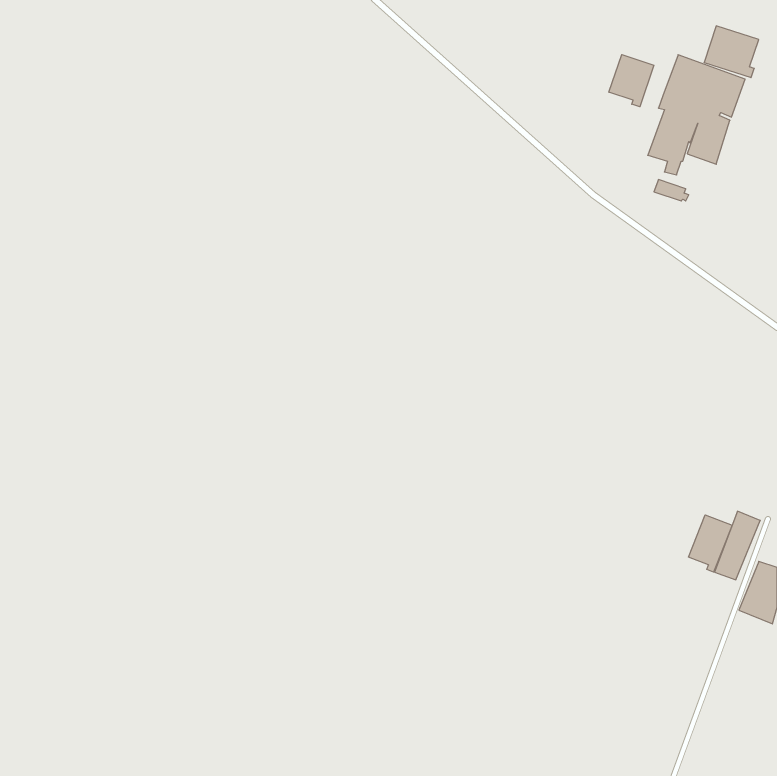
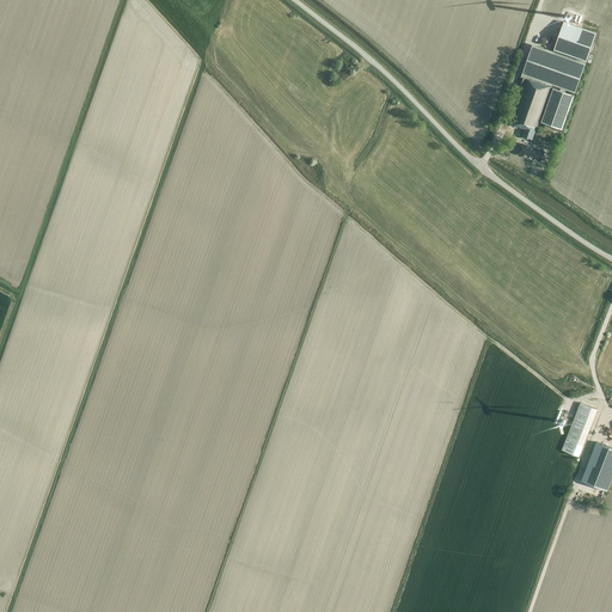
building: [609,55,654,107] -> none
building: [688,515,732,572] -> none

